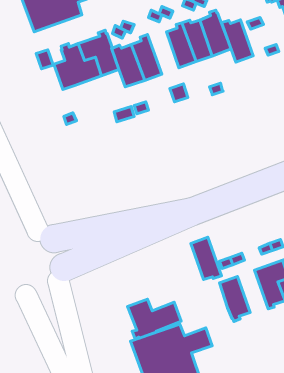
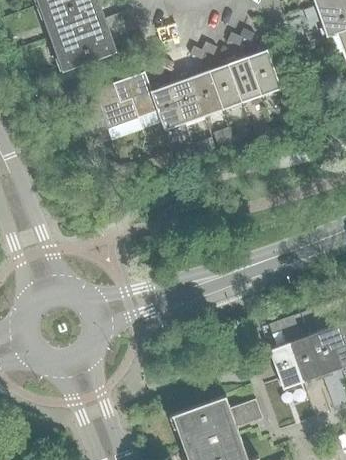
building: [222,20,253,62] -> [189,70,224,117]
building: [191,237,221,279] -> [289,335,323,382]
building: [127,299,181,339] -> none

